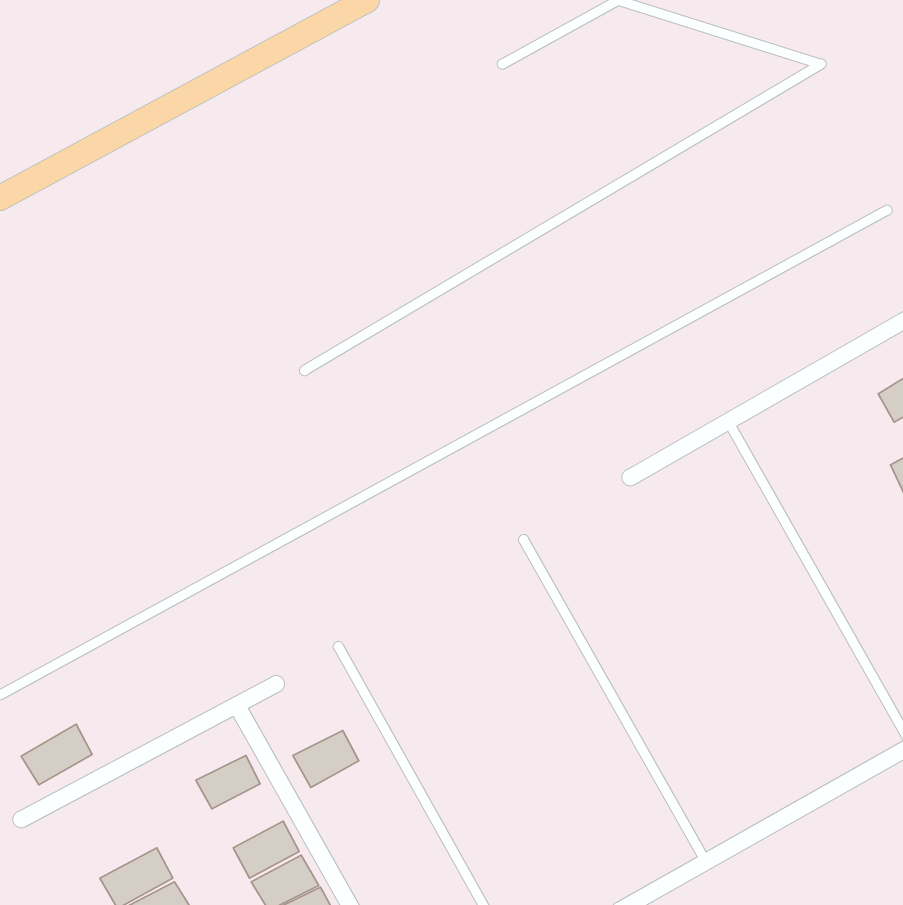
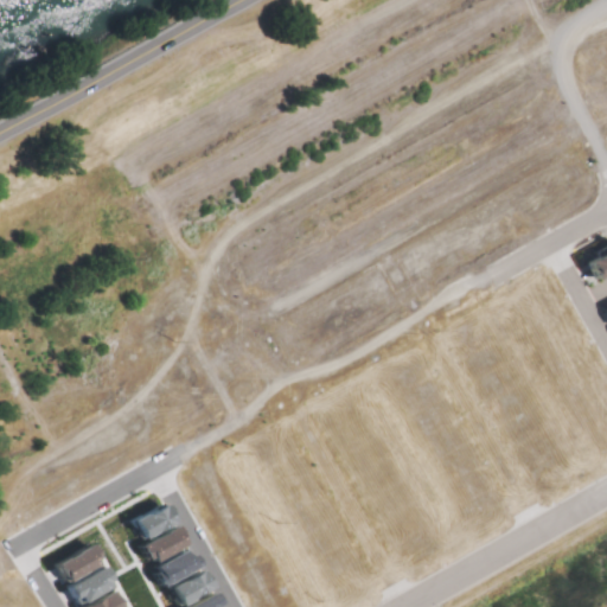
building: [21,724,92,785] -> [59,545,107,586]
building: [293,731,359,788] -> [147,528,191,566]

